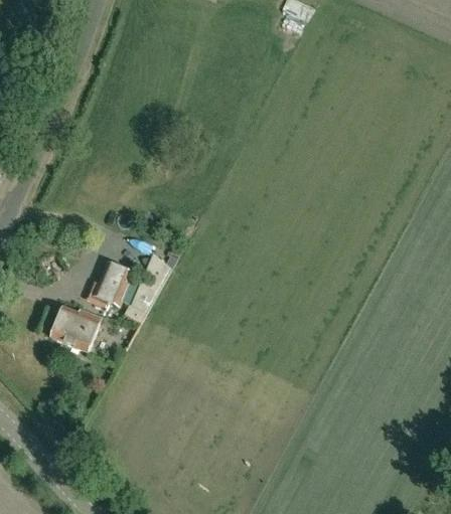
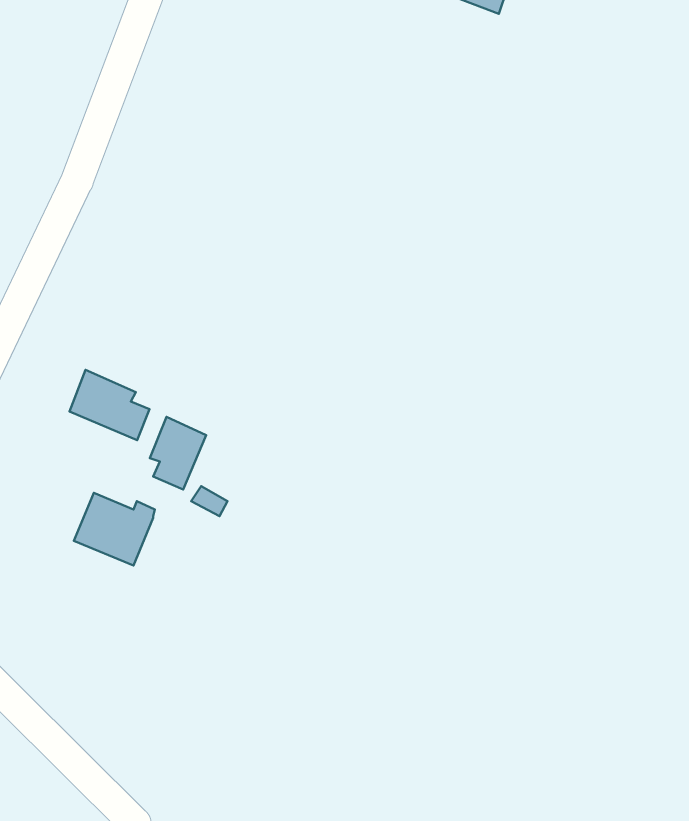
building: none -> [69,370,150,440]

